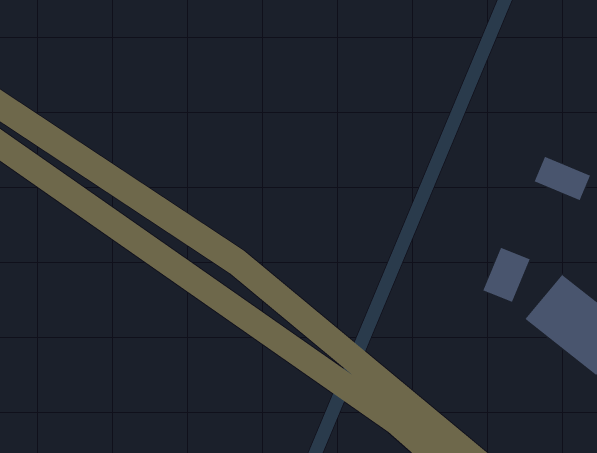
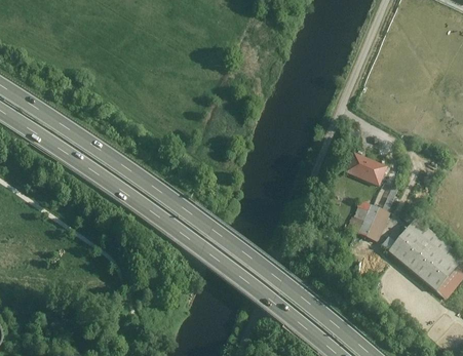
building: [534,156,591,201] -> [348,154,387,185]

